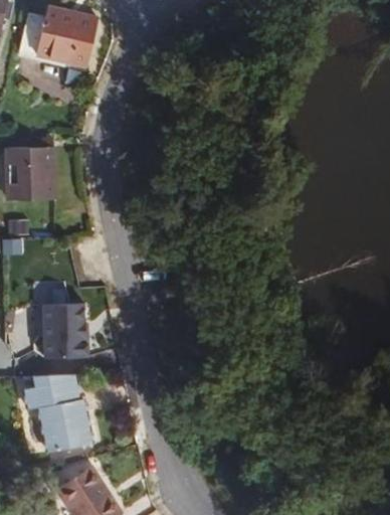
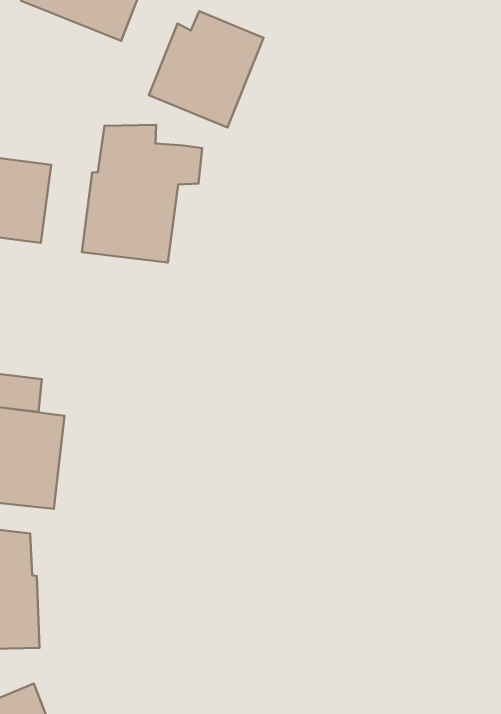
building: none -> [149,11,263,128]
building: none -> [82,125,202,262]

